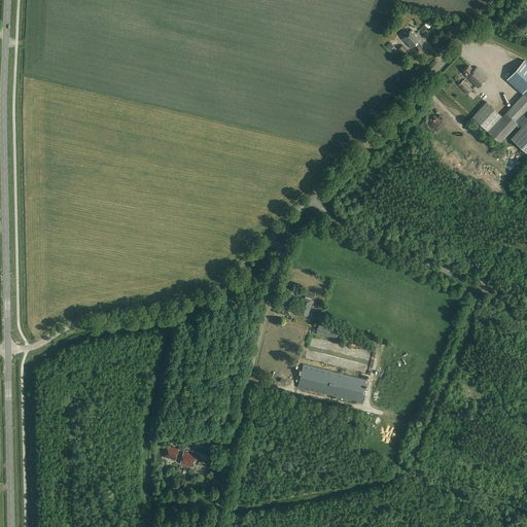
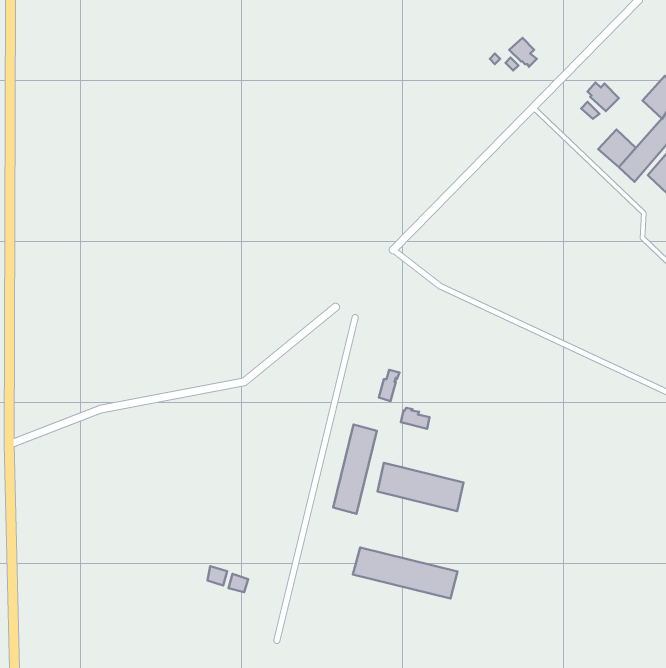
building: none -> [333,424,377,514]
building: none -> [353,548,458,599]

